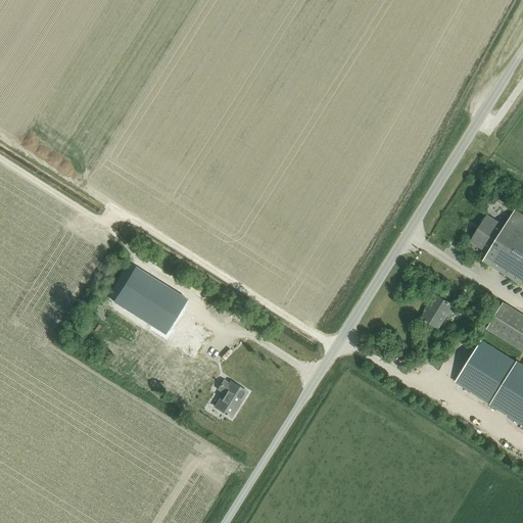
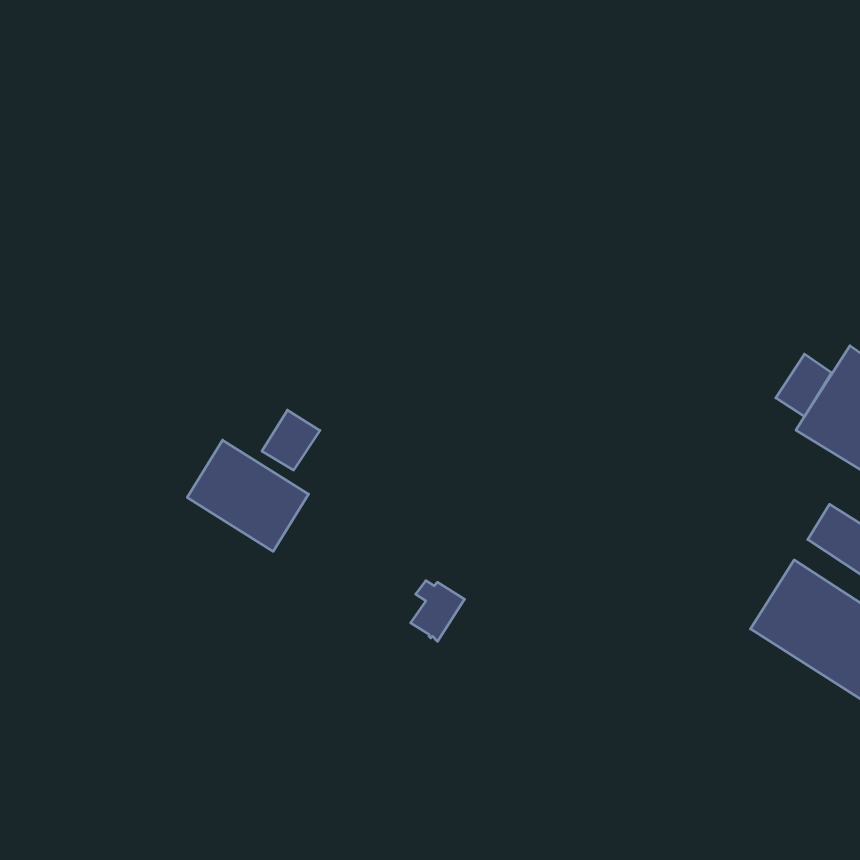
building: none -> [262,410,320,470]
building: [422,294,456,328] -> none
building: [216,380,248,417] -> [411,581,465,641]

